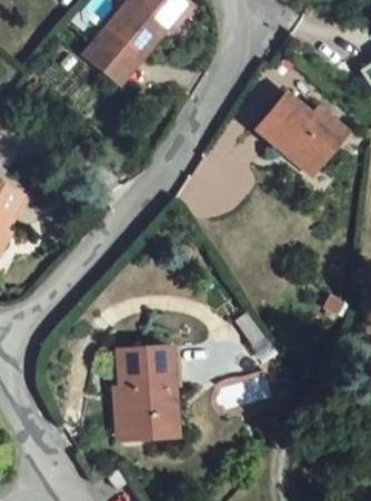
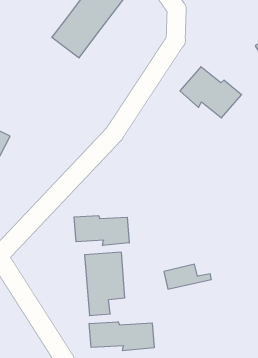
building: none -> [74,216,129,246]
building: none -> [89,322,154,351]

